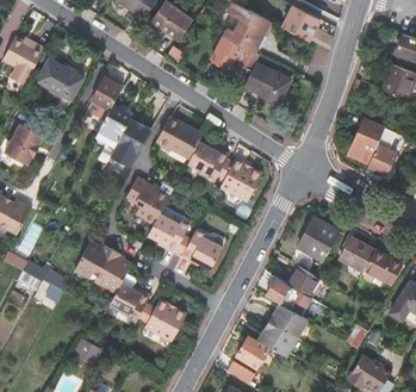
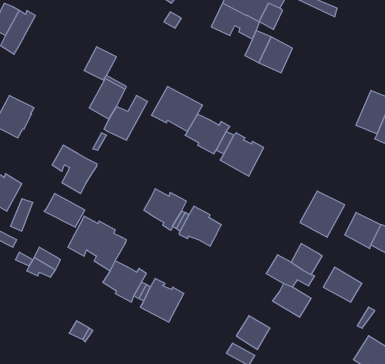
building: [37,61,82,111] -> none
building: [126,178,169,224] -> [52,145,97,194]
building: none -> [44,193,85,227]
building: [260,322,297,355] -> [323,267,362,302]

